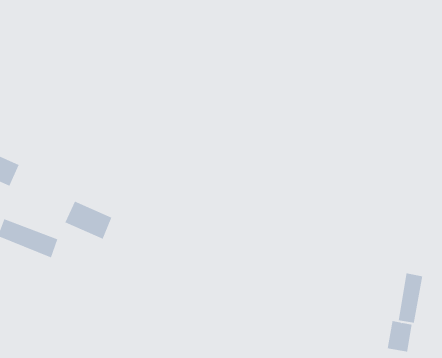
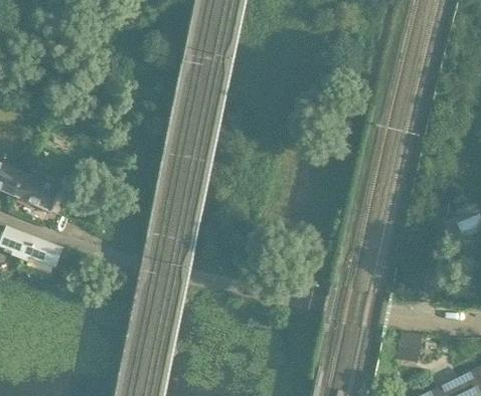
building: [65,201,112,239] -> [14,174,62,213]
building: [398,272,423,324] -> none

